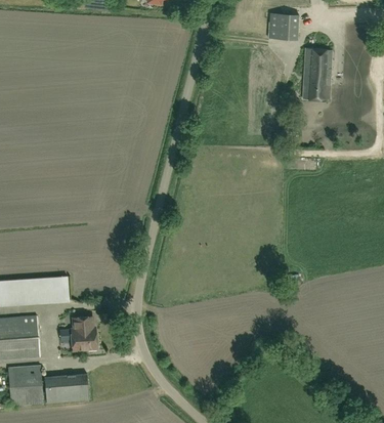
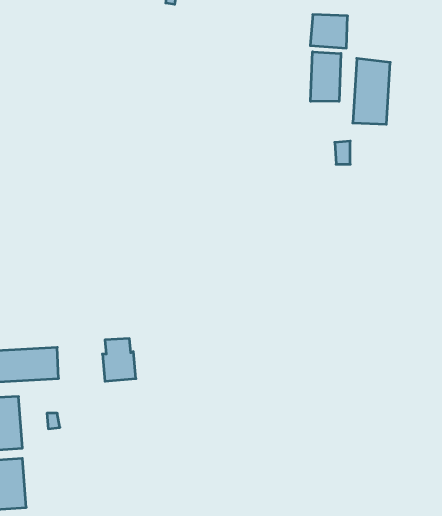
building: none -> [311,52,341,101]
building: [71,316,97,350] -> [102,339,136,381]
building: [44,373,88,403] -> none

